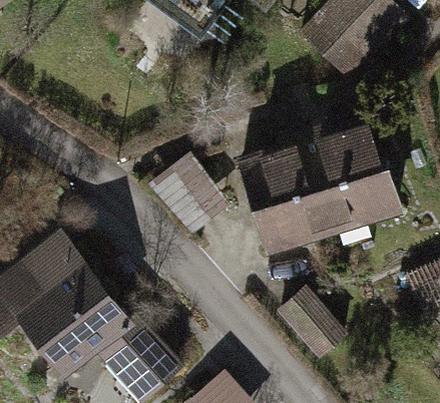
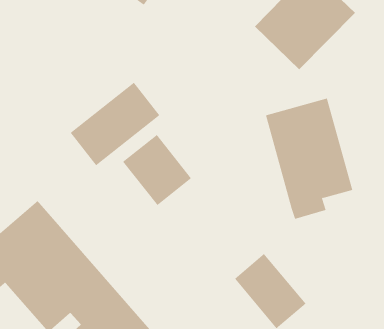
building: none -> [70,82,160,166]
building: [237,131,336,254] -> none

